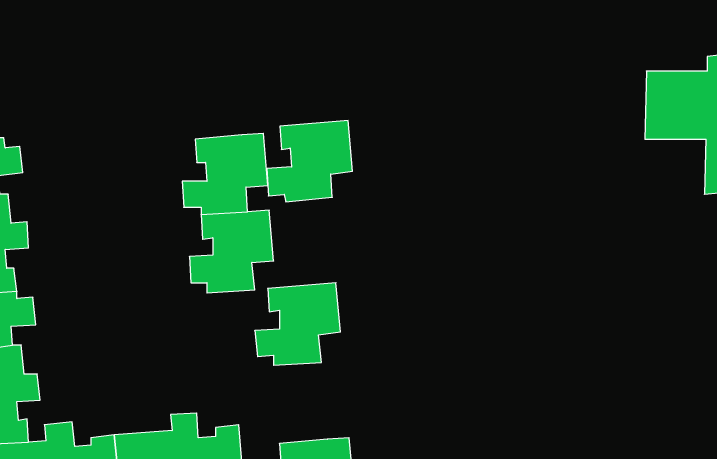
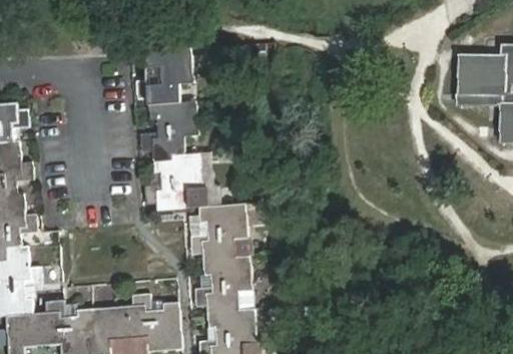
building: [267,121,352,202] -> [135,47,194,103]
building: none -> [194,256,252,314]

